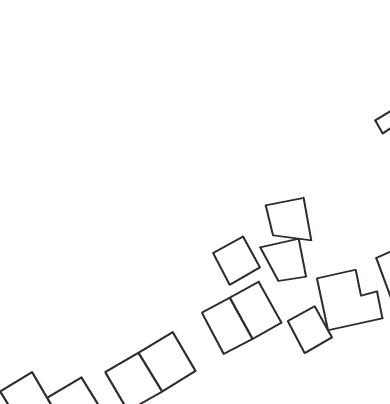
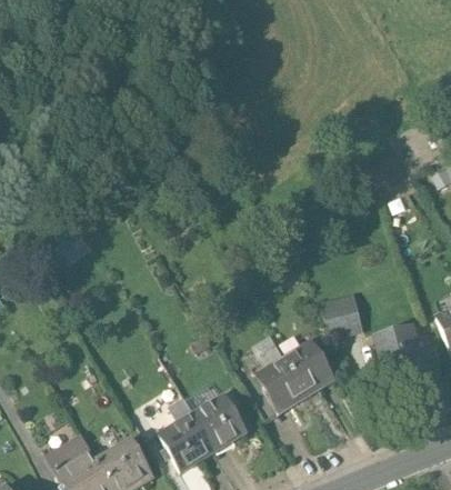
building: [266,198,311,240] -> none
building: [213,236,260,285] -> none
building: [288,306,332,353] -> none

